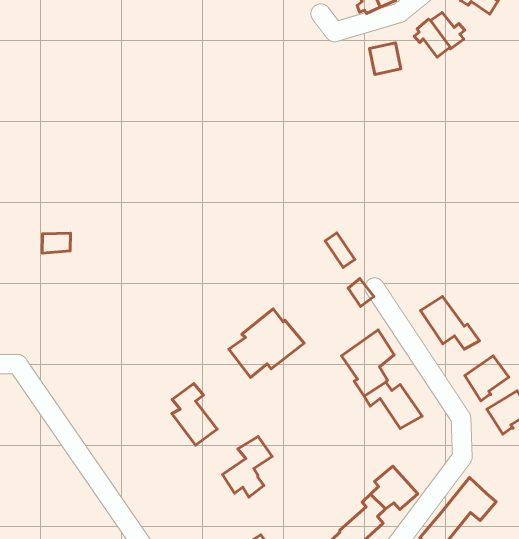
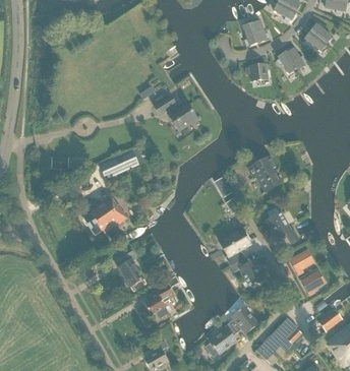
building: none -> [154,96,197,130]
building: none -> [249,156,280,190]
building: none -> [109,148,138,174]
building: [229,309,304,377] -> [83,196,127,235]

